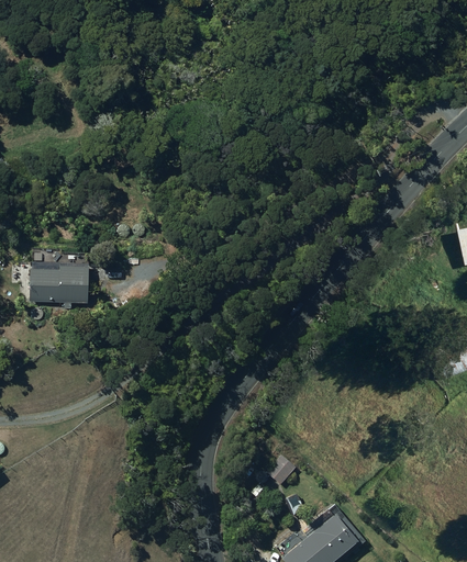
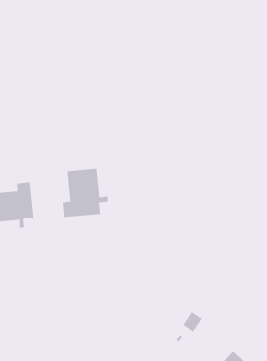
building: none -> [62,168,109,218]

